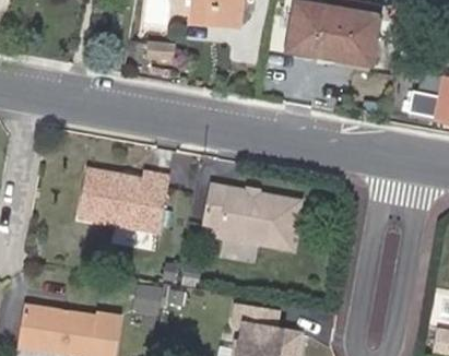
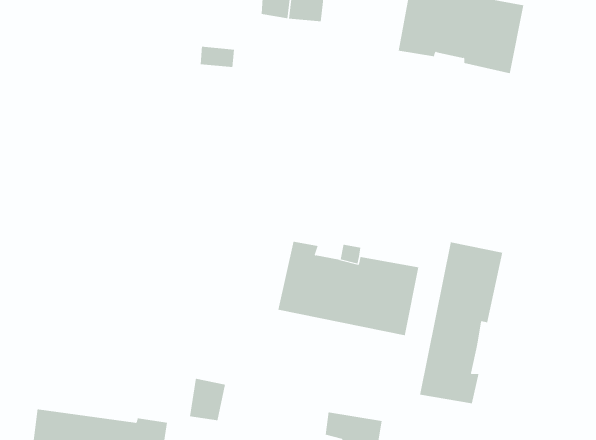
building: [79,169,168,233] -> none
building: none -> [419,242,503,404]

